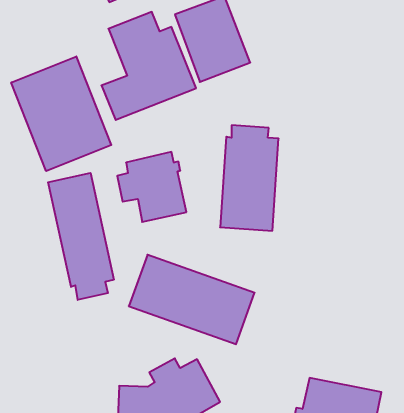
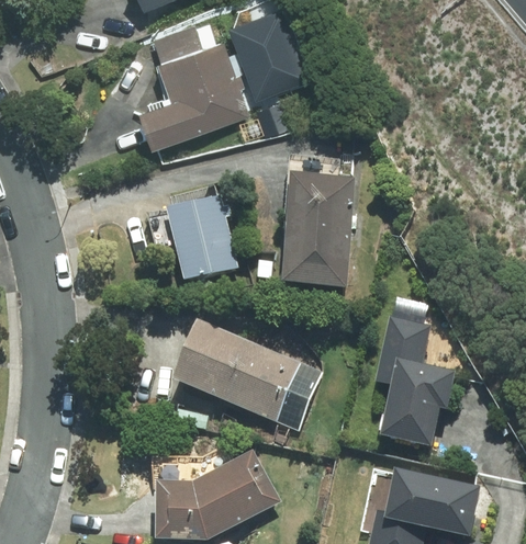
building: [11,56,111,171] -> none
building: [48,173,114,300] -> none
building: none -> [376,314,459,447]

